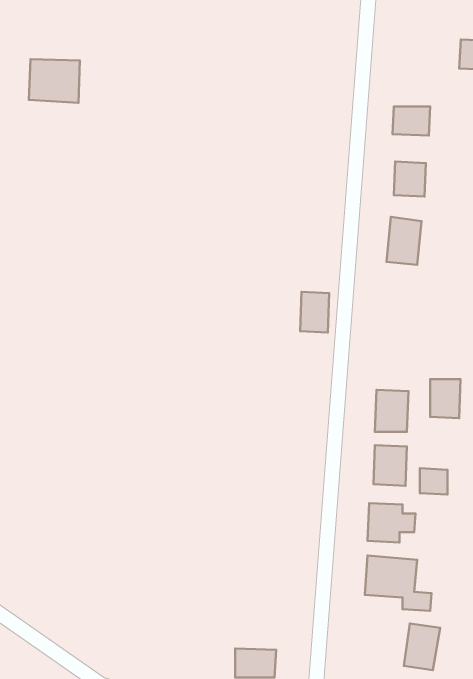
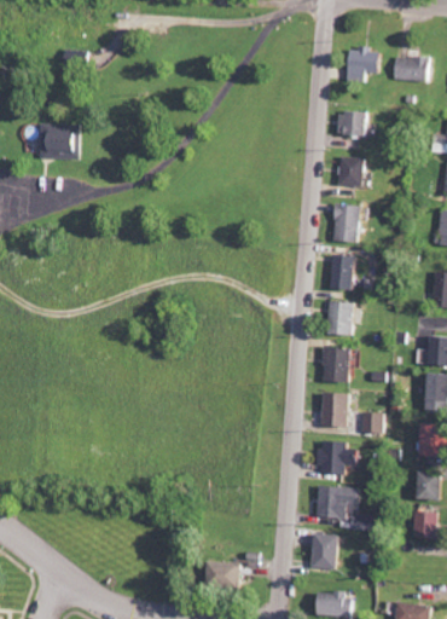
building: none -> [347,47,379,82]
building: [29,59,80,103] -> [37,123,80,160]
building: [300,292,329,332] -> [331,255,355,289]
building: [430,379,461,418] -> [329,302,354,335]
building: [404,624,440,670] -> [309,532,339,571]

